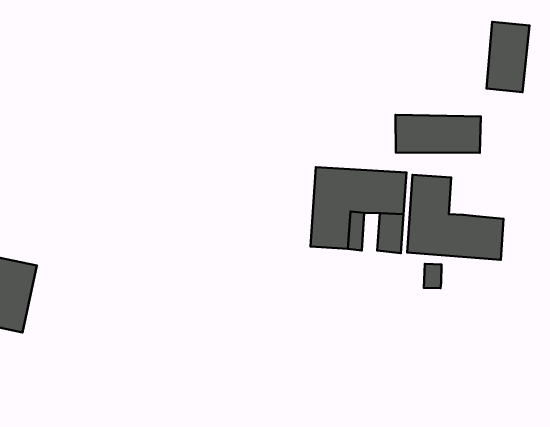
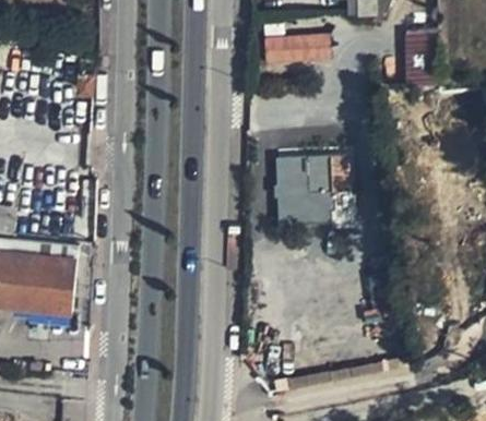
building: [396,115,481,153] -> [262,33,331,68]
building: [407,175,503,260] -> none

